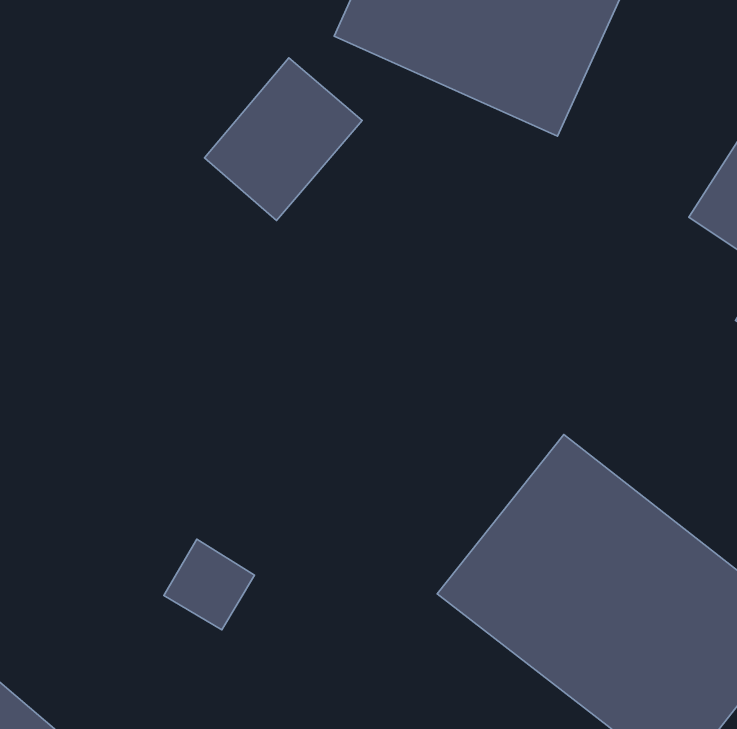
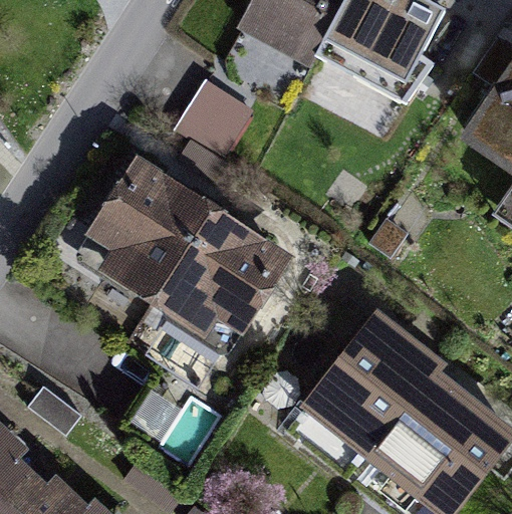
building: none -> [85,177,280,356]

